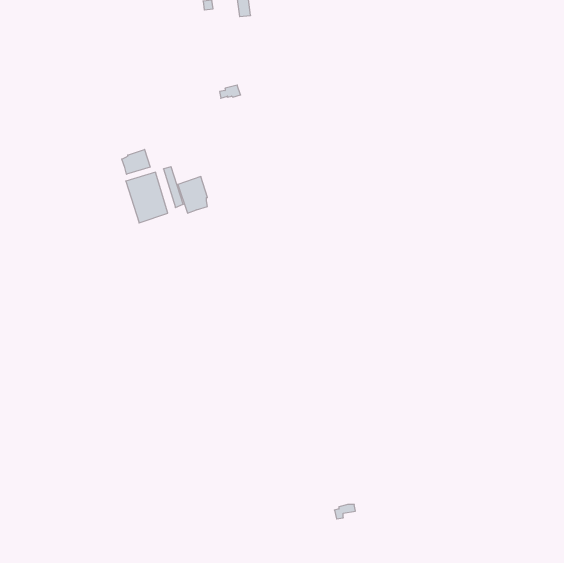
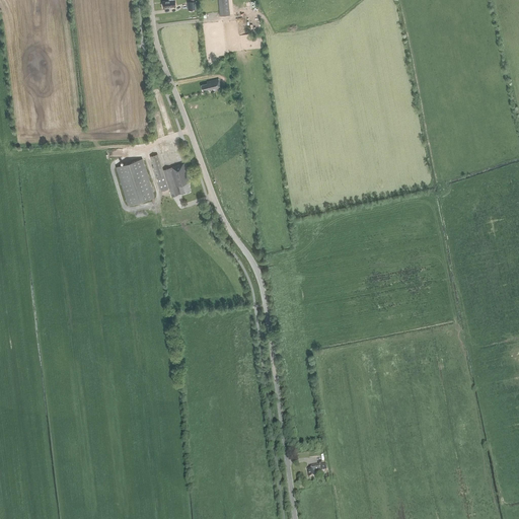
building: [122,149,150,174] -> none

